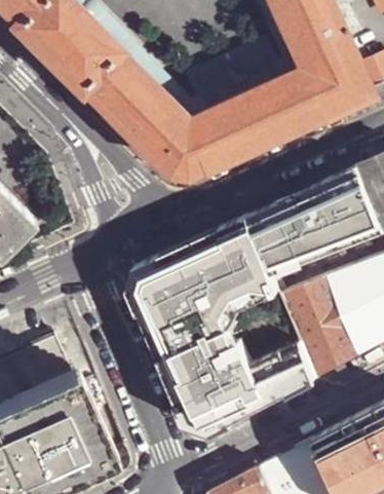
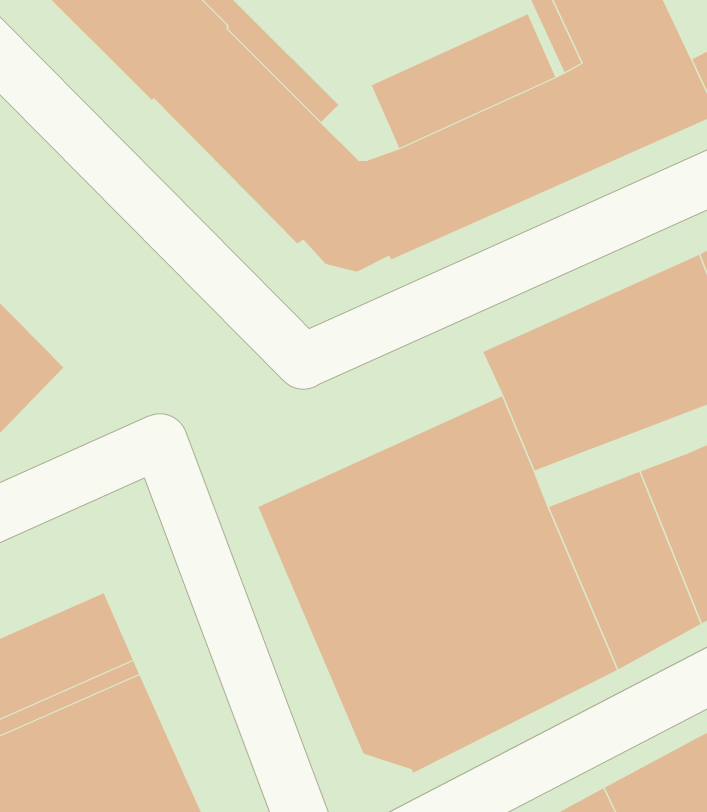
building: [130,217,261,299] -> none

